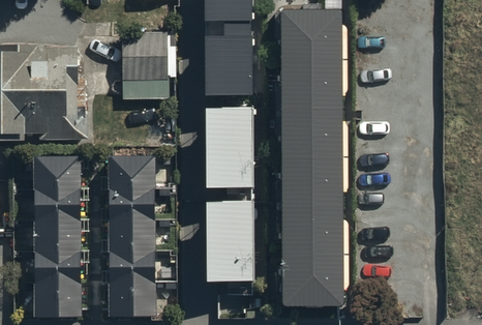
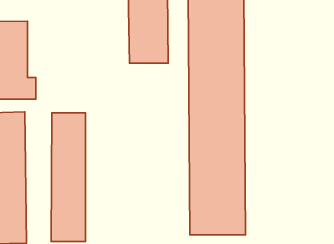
building: [121,31,170,97] -> none
building: [207,109,250,189] -> none
building: [207,203,252,280] -> none

